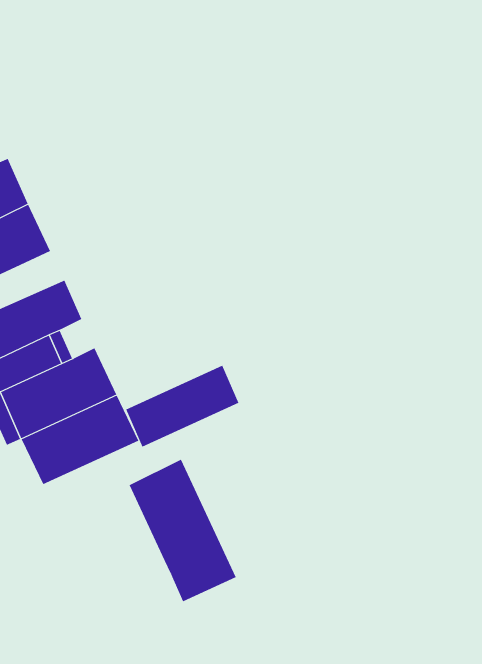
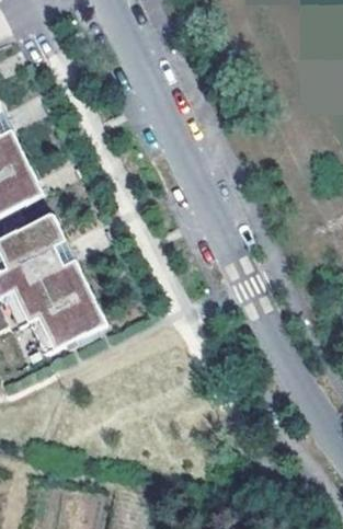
building: [126,365,239,448] -> none
building: [129,459,236,602] -> none

